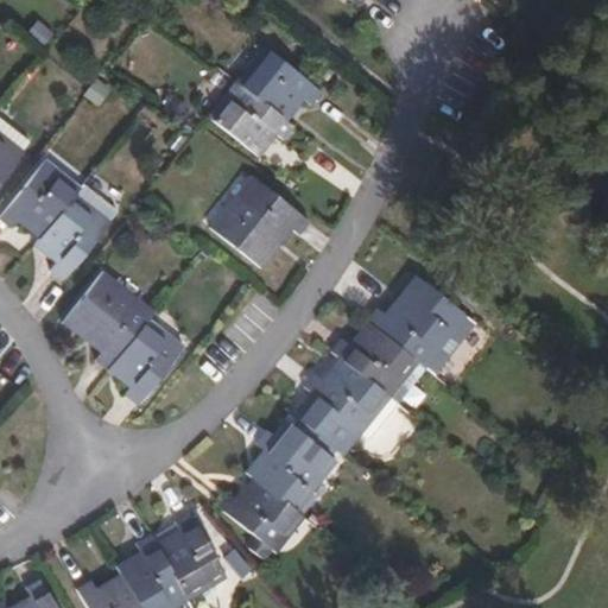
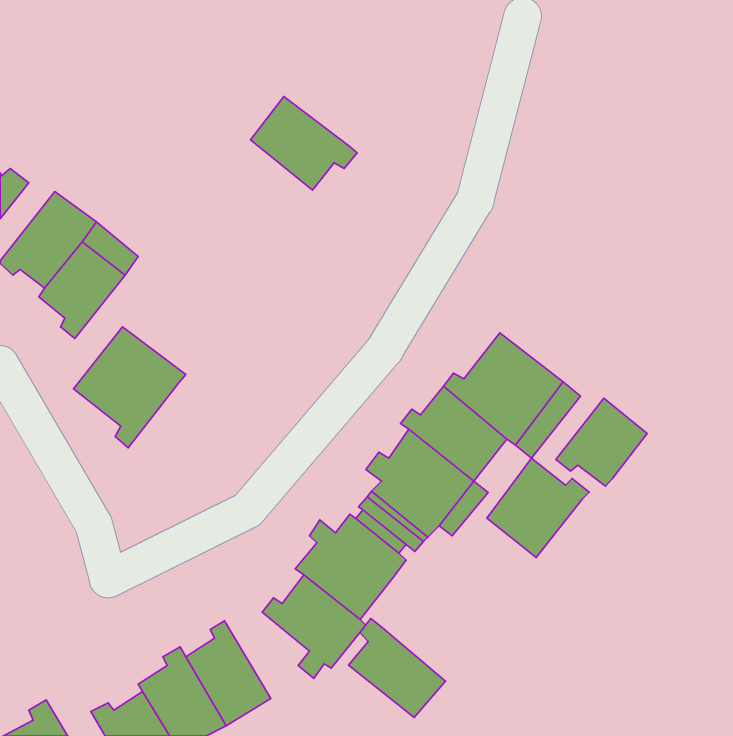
building: [236,45,323,120] -> none
building: [211,175,311,267] -> none
building: [108,316,185,405] -> none
building: none -> [556,398,647,486]
building: none -> [487,458,589,557]
building: none -> [349,619,445,718]

